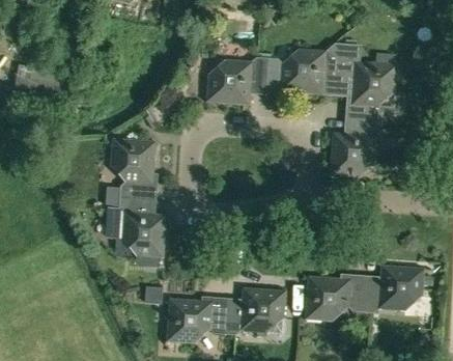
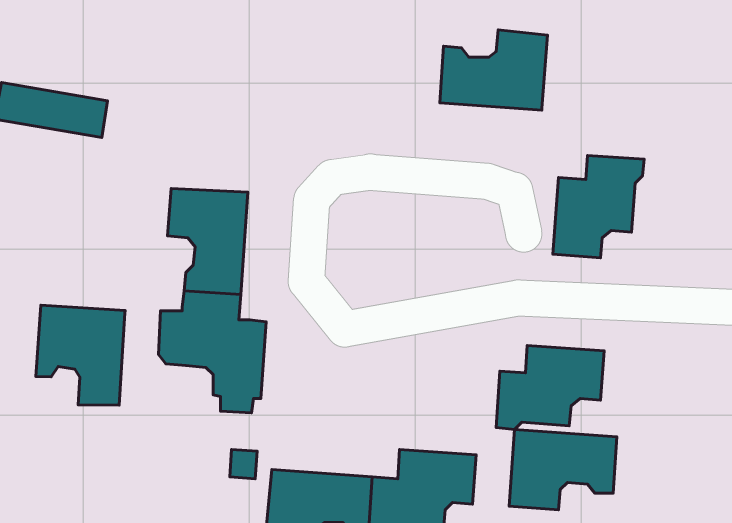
building: [322,43,398,121] -> none
building: [205,57,266,105] -> none
building: none -> [36,305,125,405]
building: [363,265,424,312] -> [496,345,604,429]

